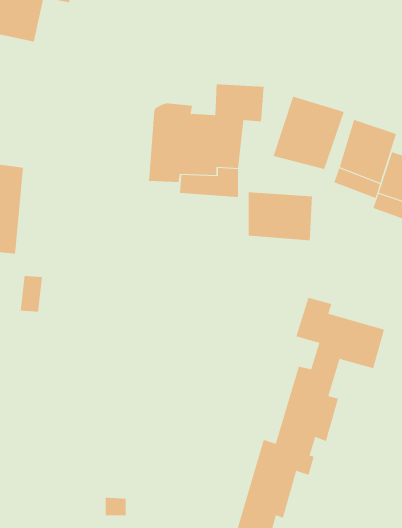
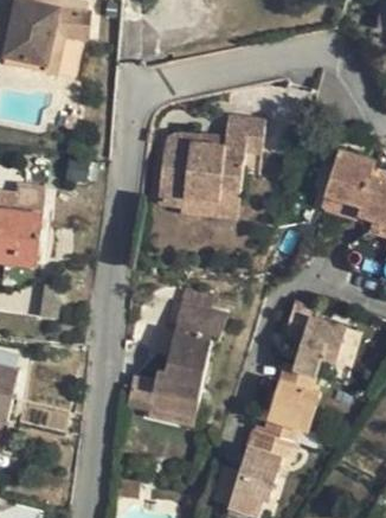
building: [273,96,344,170] -> none
building: [248,191,312,241] -> none
building: none -> [123,286,220,423]

